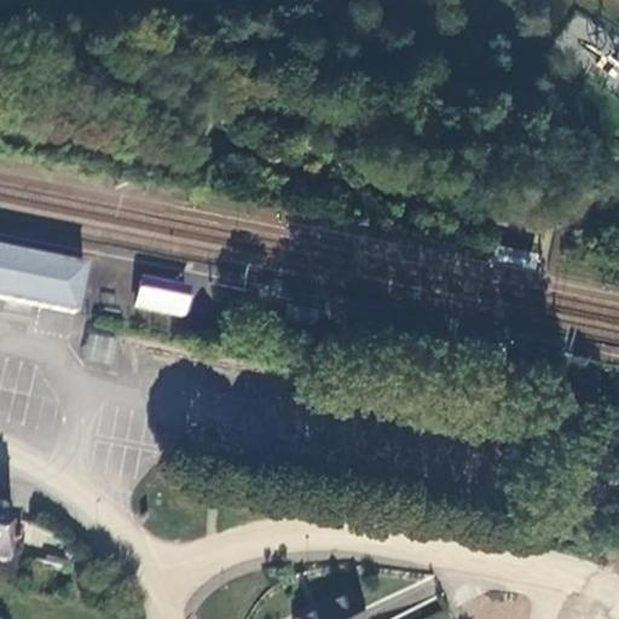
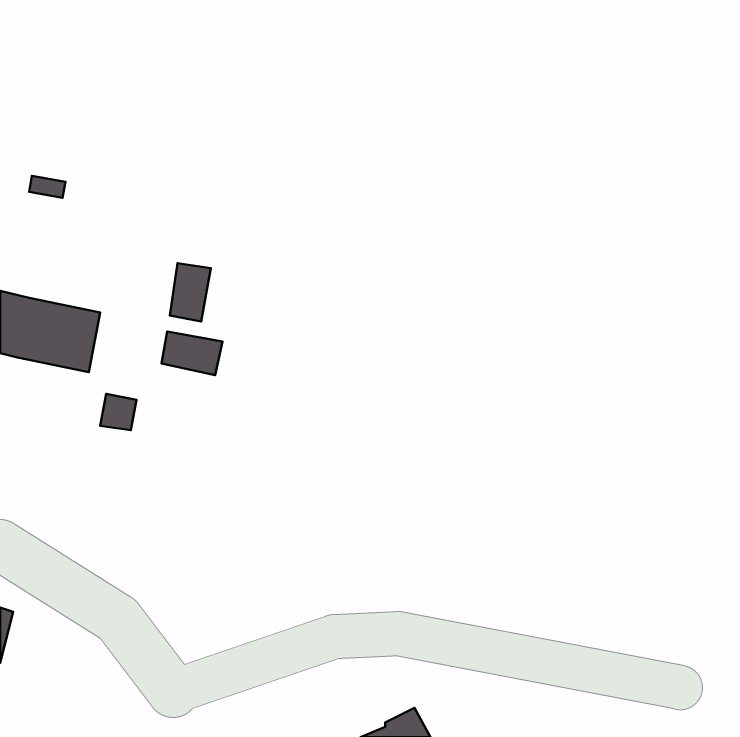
building: none -> [170,263,211,321]

